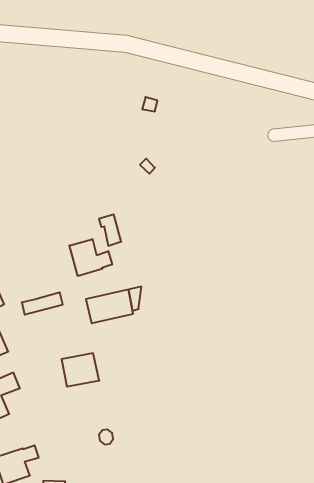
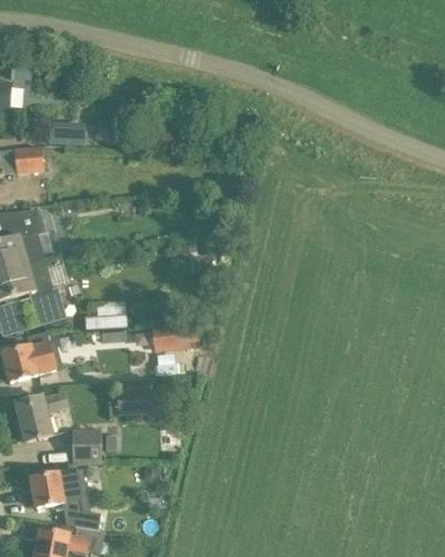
building: [69,239,112,276] -> none
building: none -> [71,429,99,463]

